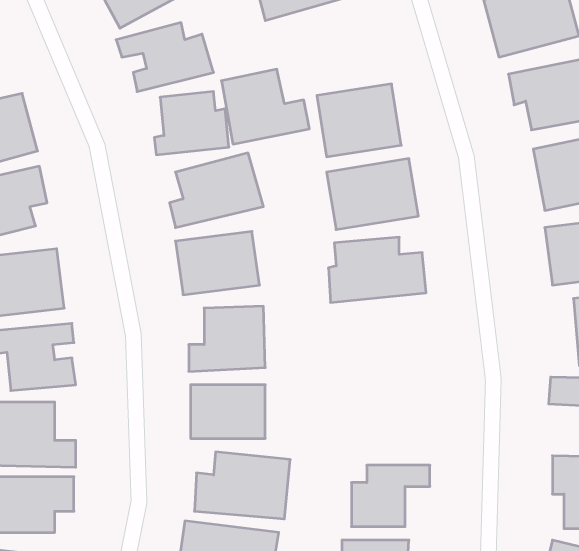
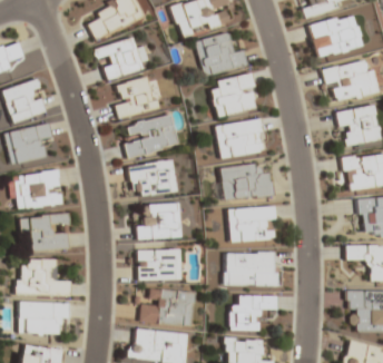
building: [221,69,309,144] -> [197,32,248,76]
building: none -> [228,205,276,242]
building: none -> [225,252,276,284]

